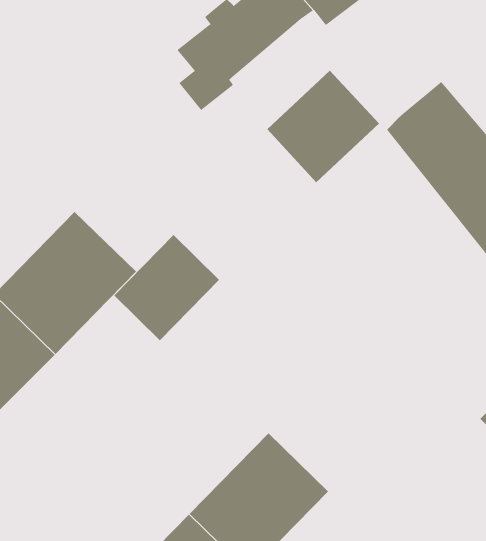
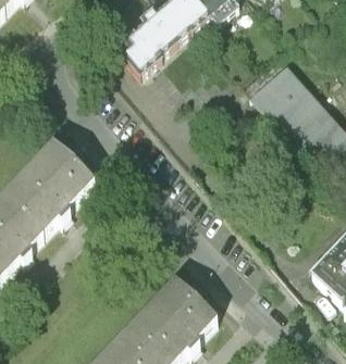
building: [266,70,380,183] -> none
building: [114,234,220,341] -> none

